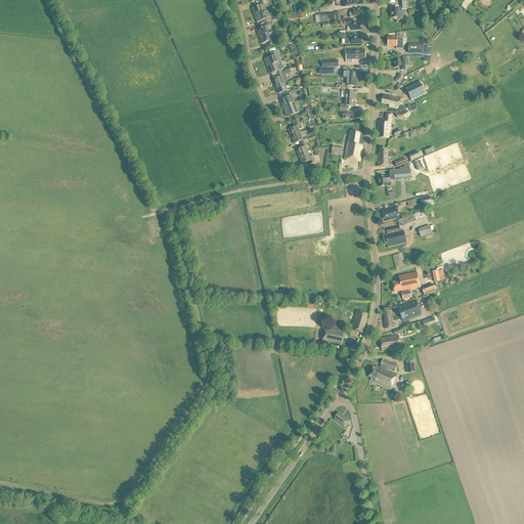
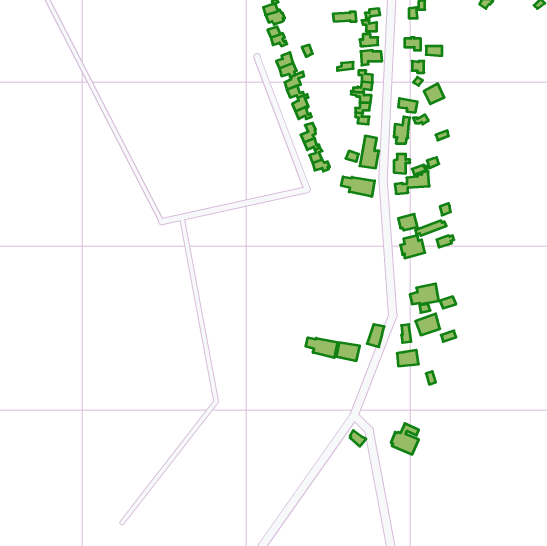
building: none -> [341,177,375,197]
building: none -> [306,338,338,358]
building: [369,358,396,388] -> [391,423,419,454]

